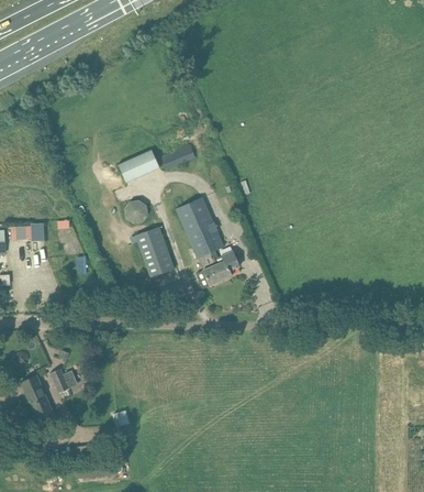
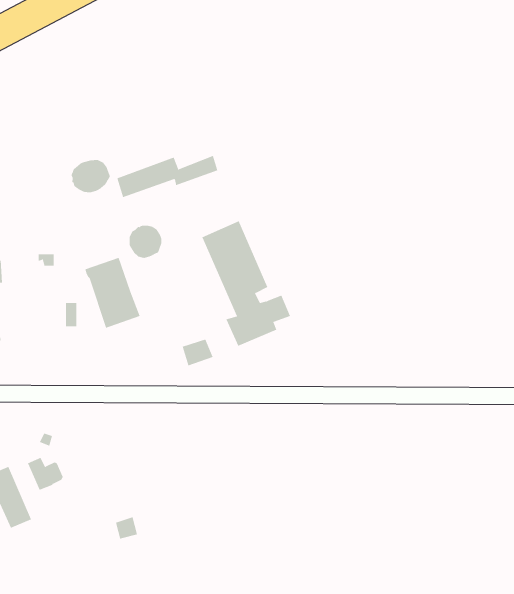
building: none -> [71,159,110,193]
building: [134,226,175,277] -> [84,257,140,328]

